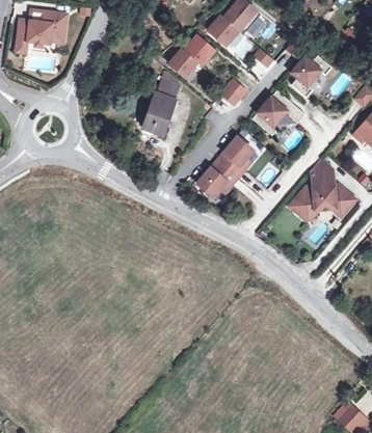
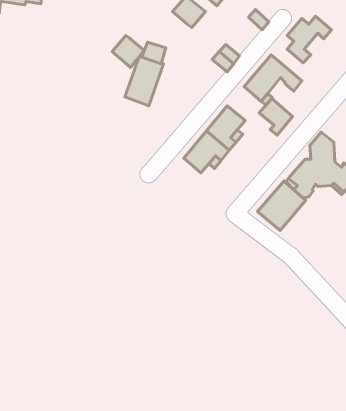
building: [169,49,198,78] -> [112,36,144,67]
building: none -> [259,99,293,135]
building: none -> [258,181,306,230]

